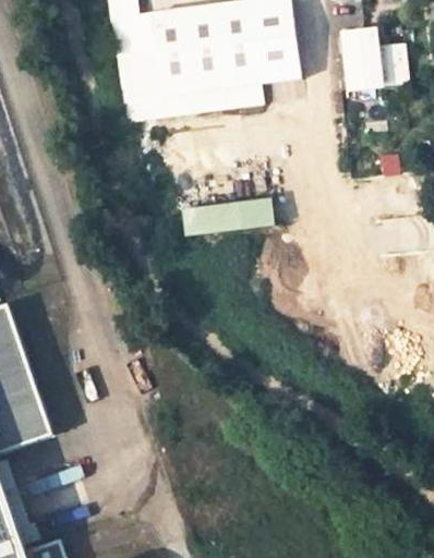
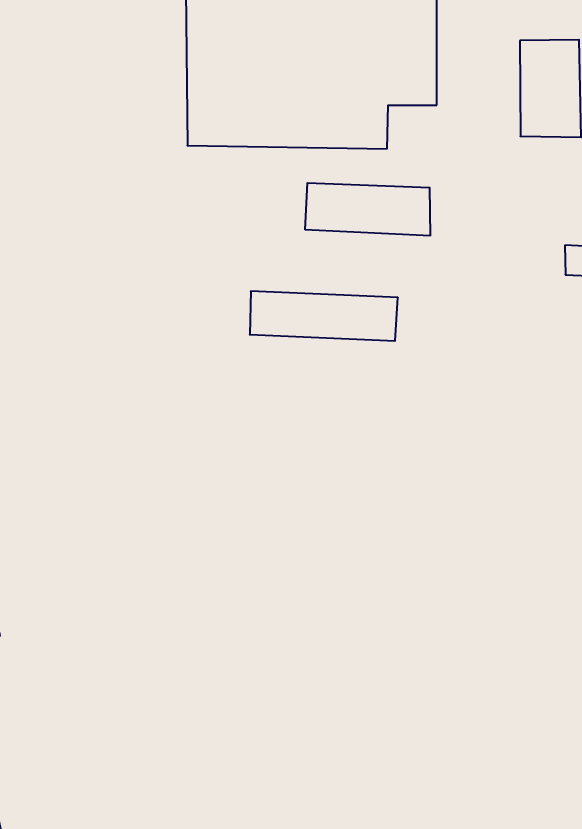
building: none -> [305,183,430,236]

